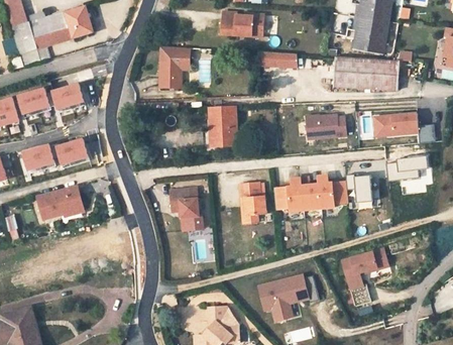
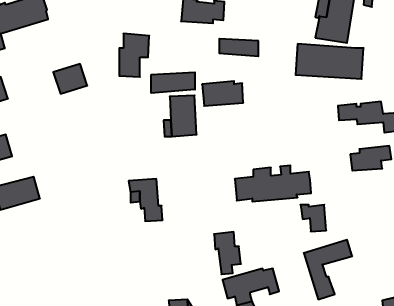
building: [51,83,85,112] -> [53,64,87,94]
building: none -> [151,72,195,93]
building: [305,113,345,137] -> [202,81,243,106]
building: [56,138,88,163] -> none
building: [344,175,369,201] -> [300,205,326,231]
building: [239,182,265,223] -> [214,232,241,274]

